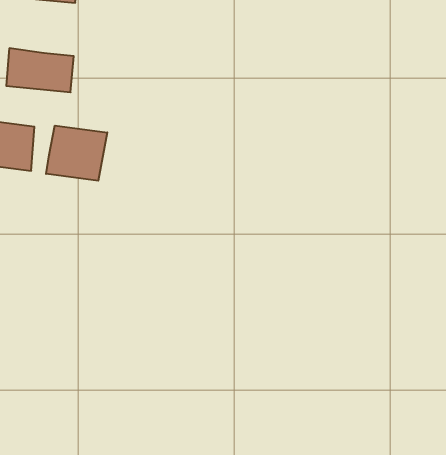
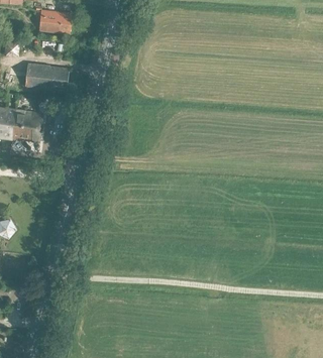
building: [46,126,107,181] -> none

